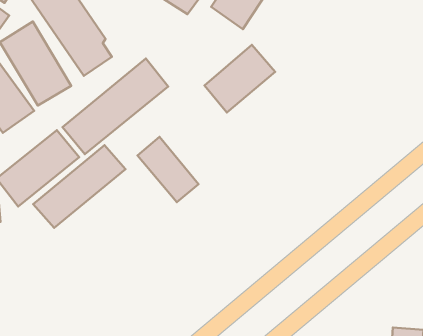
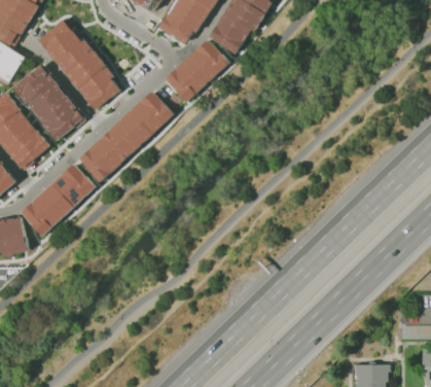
building: [205,45,275,112] -> [166,38,230,103]
building: [138,137,199,202] -> none
building: [33,145,125,228] -> none

